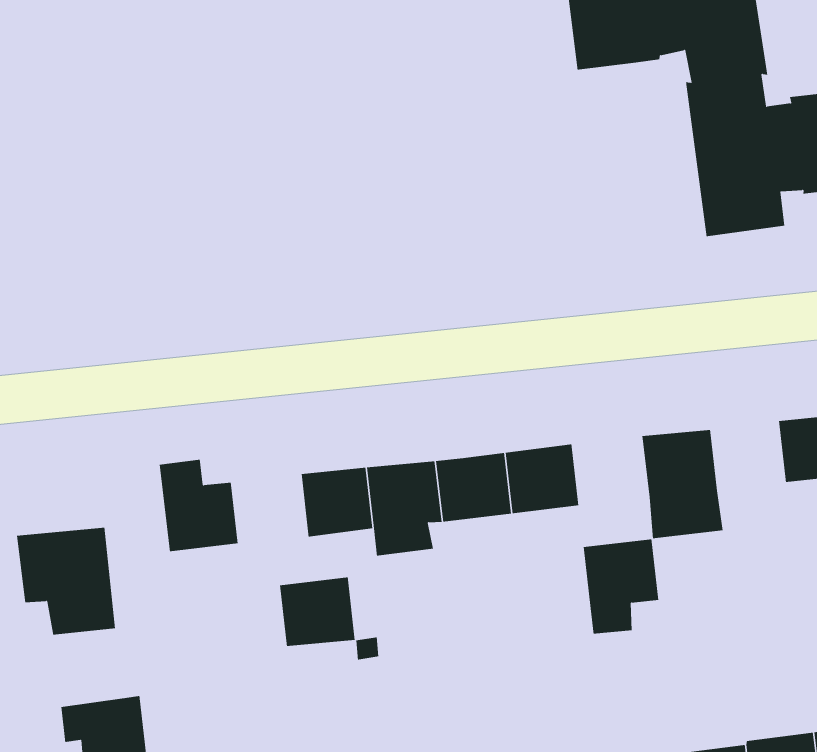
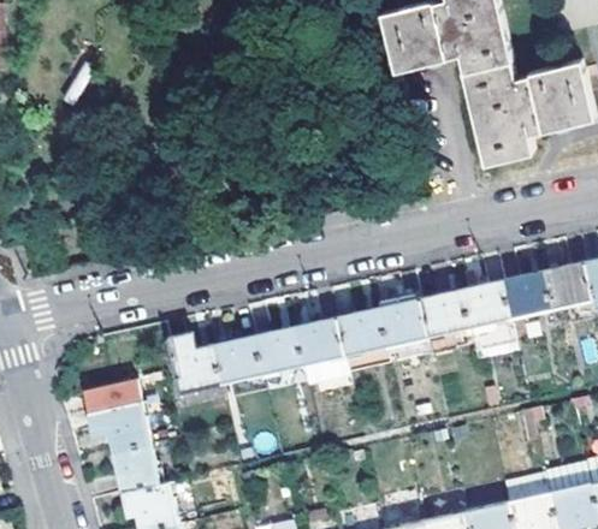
building: none -> [502,272,551,319]
building: [583,539,659,634] -> [418,290,468,352]
building: [279,577,355,647] -> [211,335,261,382]
building: none -> [111,442,159,494]

